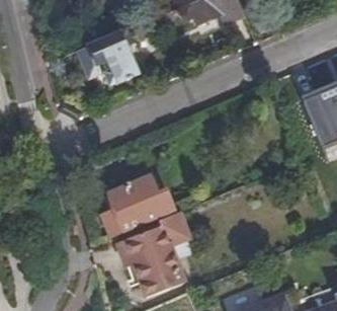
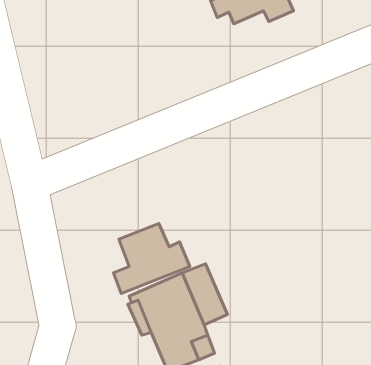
building: [78,11,174,85] -> none

